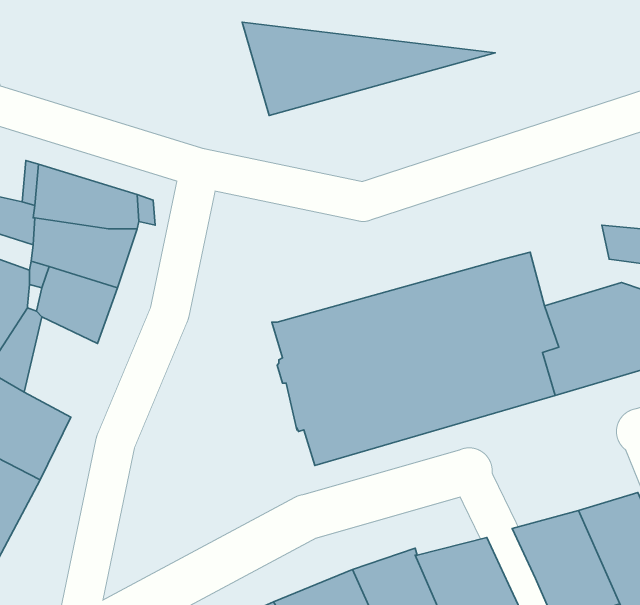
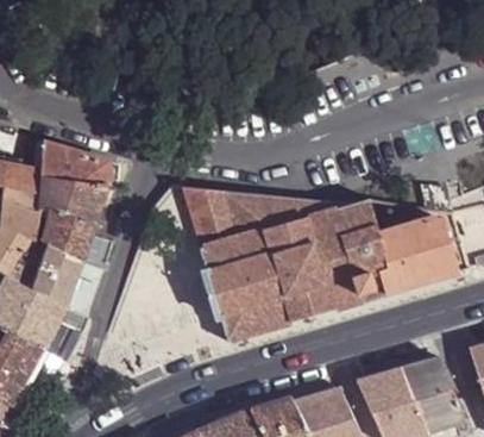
building: [242,22,495,116] -> [183,182,351,244]
building: none -> [33,241,82,307]

